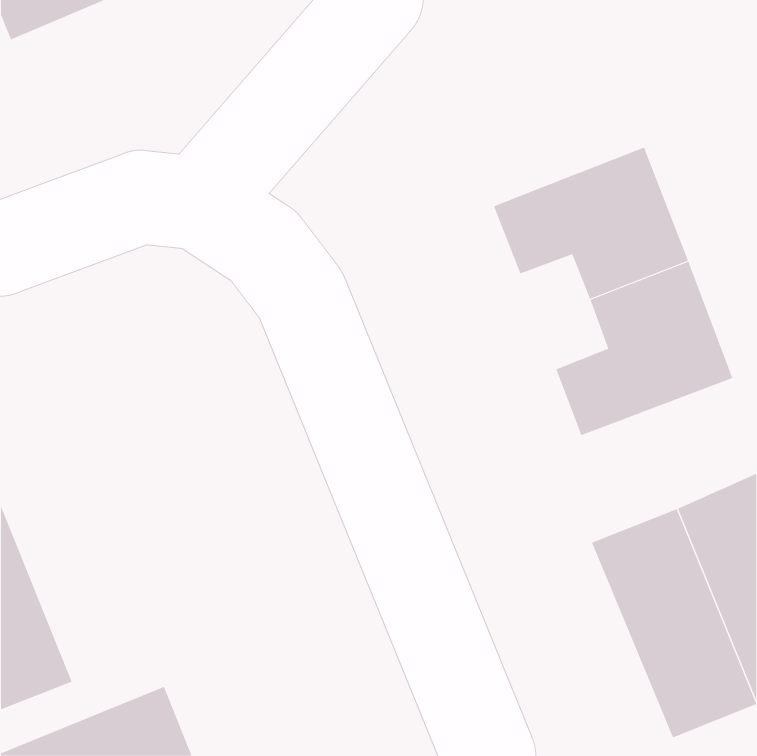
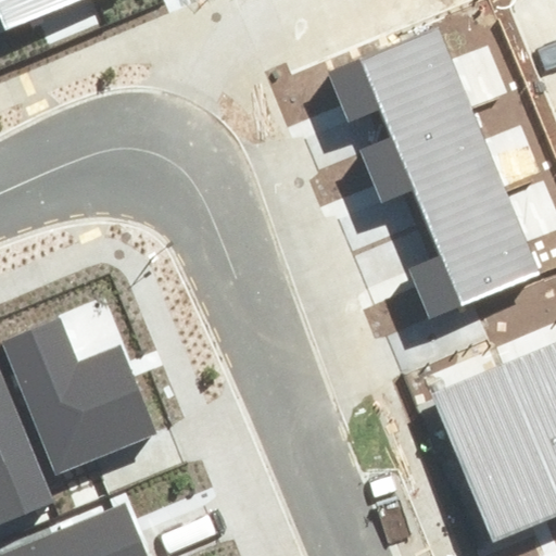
building: none -> [328,29,472,137]
building: none -> [5,317,155,475]

